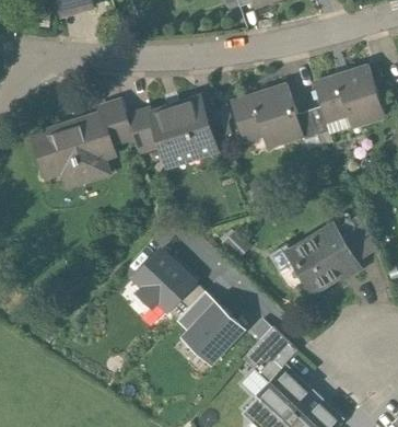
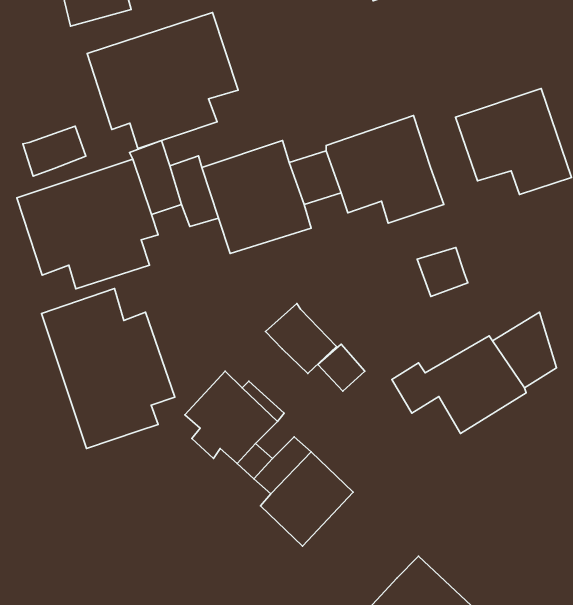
building: none -> [87,13,238,149]
building: none -> [23,126,86,176]
building: [294,107,327,139] -> [417,248,468,296]
building: none -> [42,289,175,448]
building: none -> [266,304,336,374]
building: [244,324,296,382] -> none

